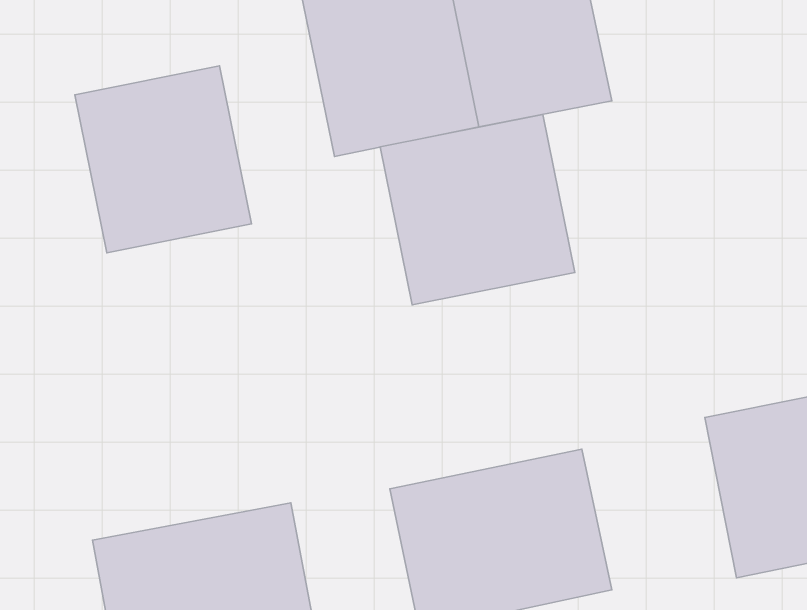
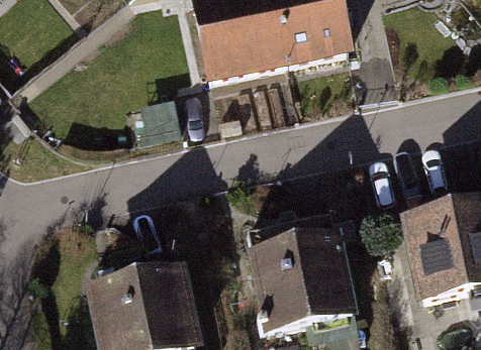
building: [75,66,252,253] -> none
building: [380,115,575,305] -> none

